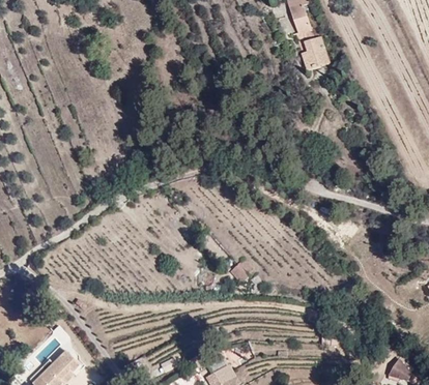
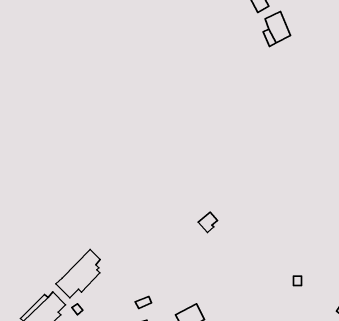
building: none -> [56,249,100,298]

